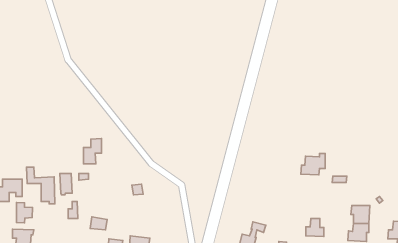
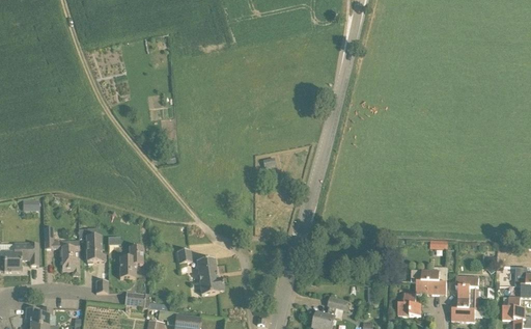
building: [84,138,102,164] -> [119,246,142,278]
building: [301,154,325,175] -> [415,267,446,294]
building: none -> [196,257,223,295]
building: [16,203,33,223] -> none

